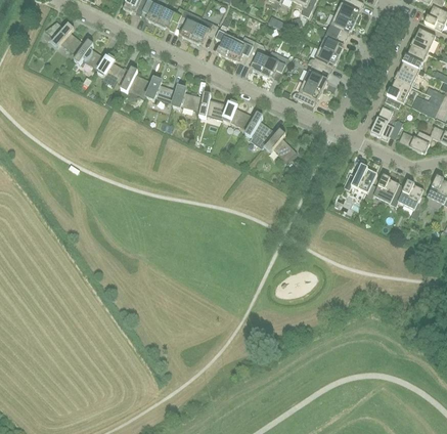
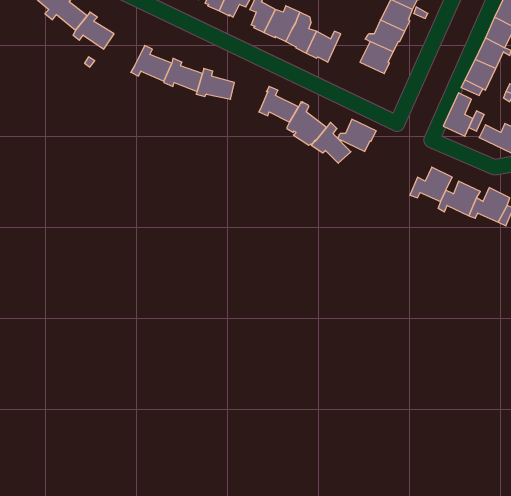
building: [97,55,129,84] -> none
building: [292,81,322,106] -> [338,119,376,151]
building: [198,92,229,119] -> none

